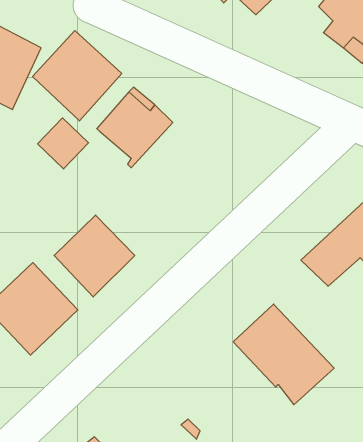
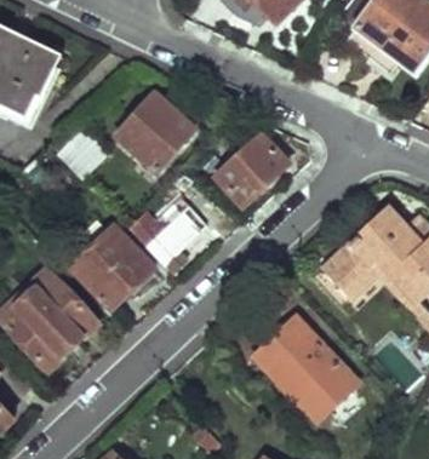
building: [33,31,122,121] -> none
building: none -> [218,136,290,203]
building: none -> [125,205,207,270]

